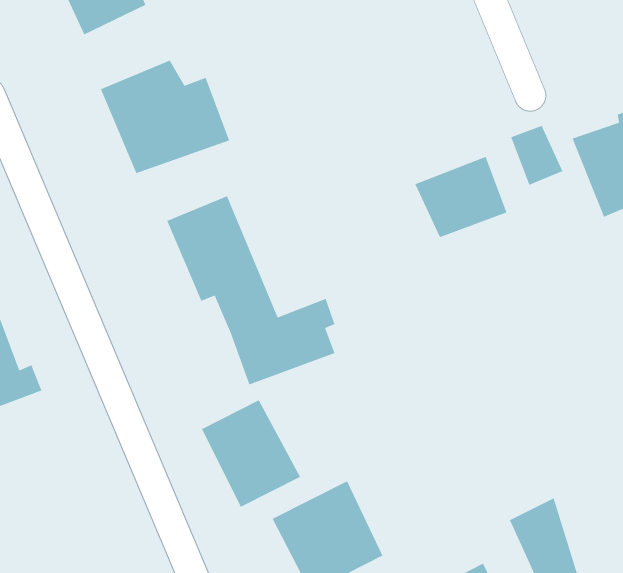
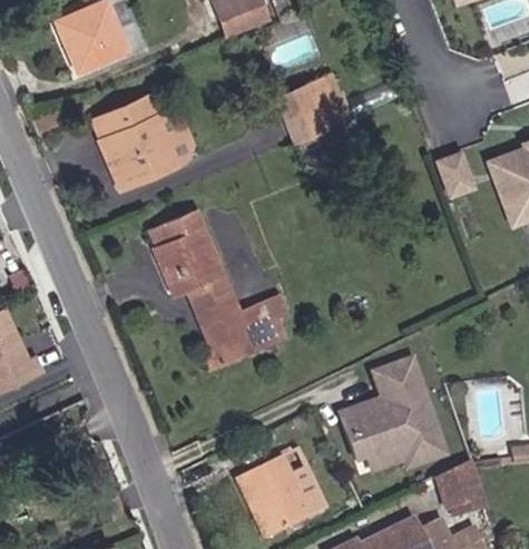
building: [414,156,508,238] -> [274,73,352,143]
building: none -> [340,357,450,478]
building: [201,399,301,508] -> none

